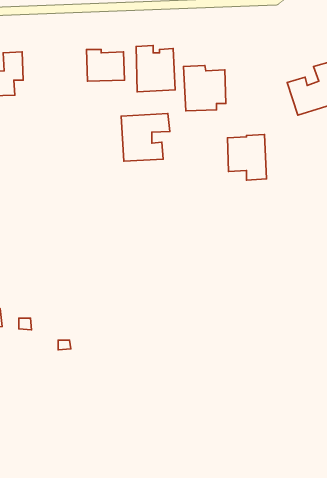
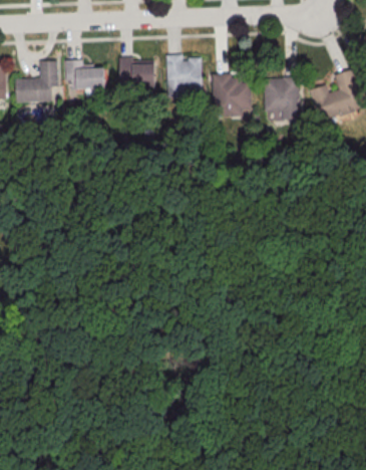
building: none -> [65,61,104,92]
building: [121,114,170,161] -> none
building: [227,135,266,180] -> [264,77,301,121]

